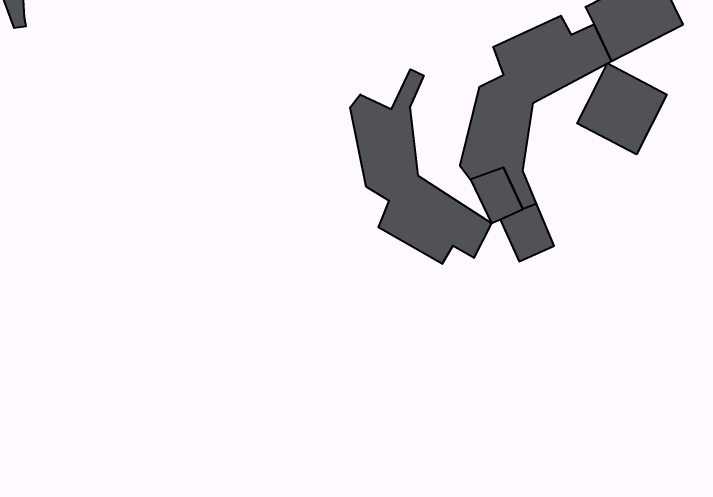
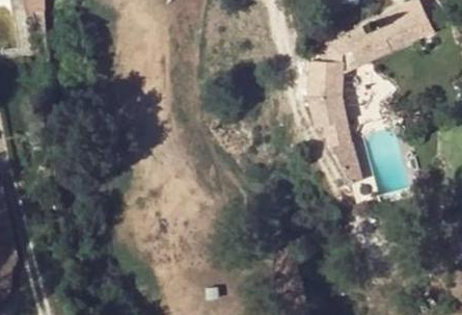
building: [577,63,667,154] -> none
building: [350,69,491,264] -> none

